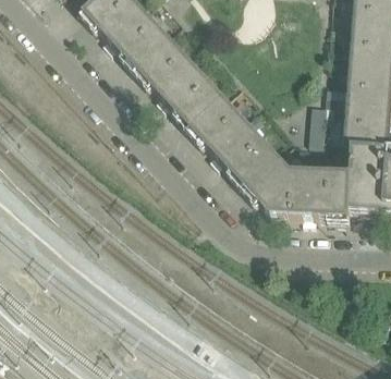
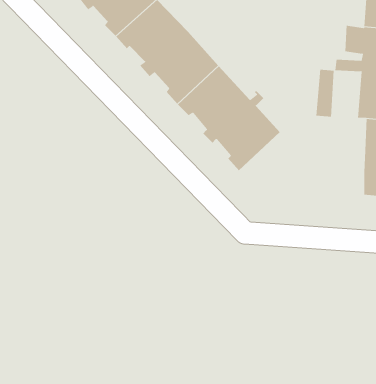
building: [242,154,351,220] -> none

